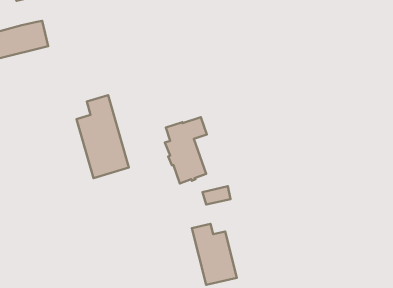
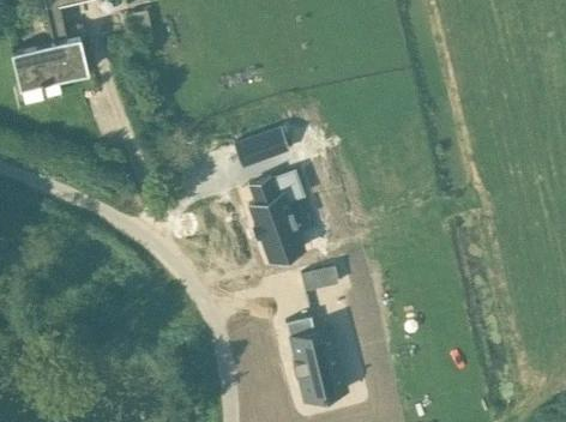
building: none -> [236,132,289,170]
building: [77,95,129,178] -> none

